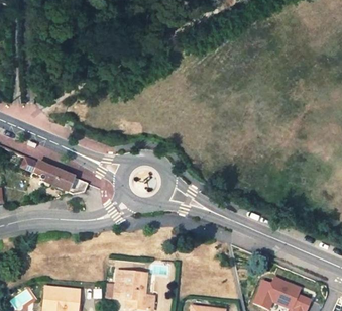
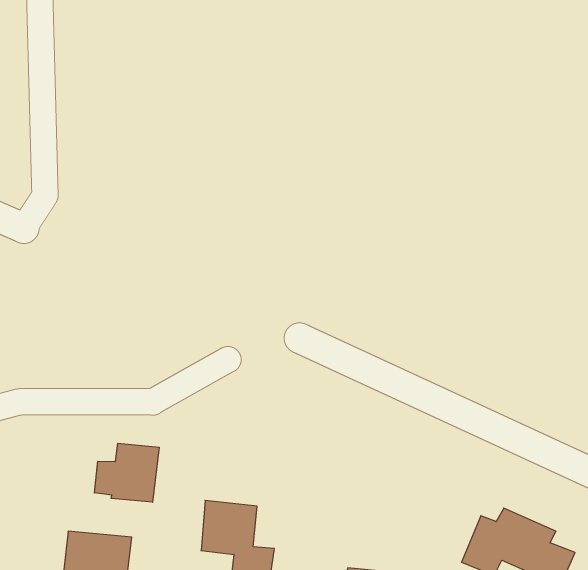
building: [33,161,74,191] -> none
building: none -> [94,443,159,502]

